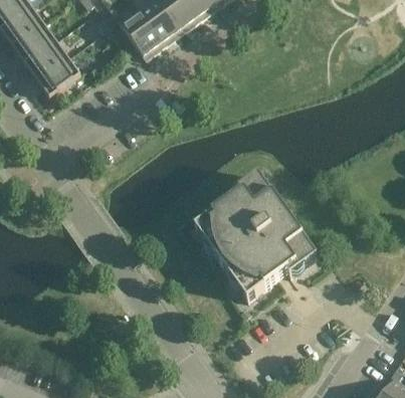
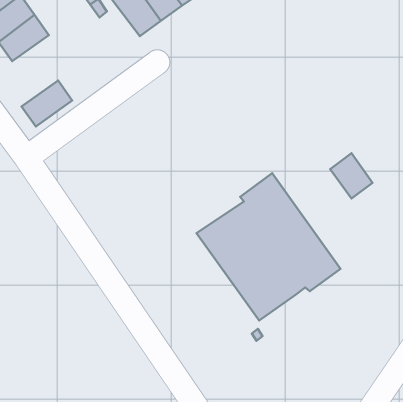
building: [37,56,80,95] -> [21,80,72,127]
building: none -> [330,153,373,199]

